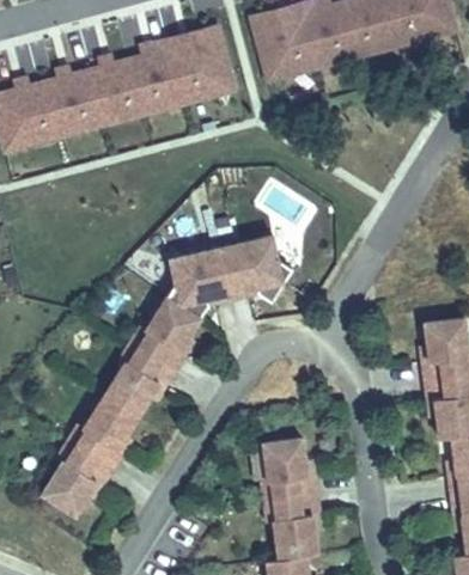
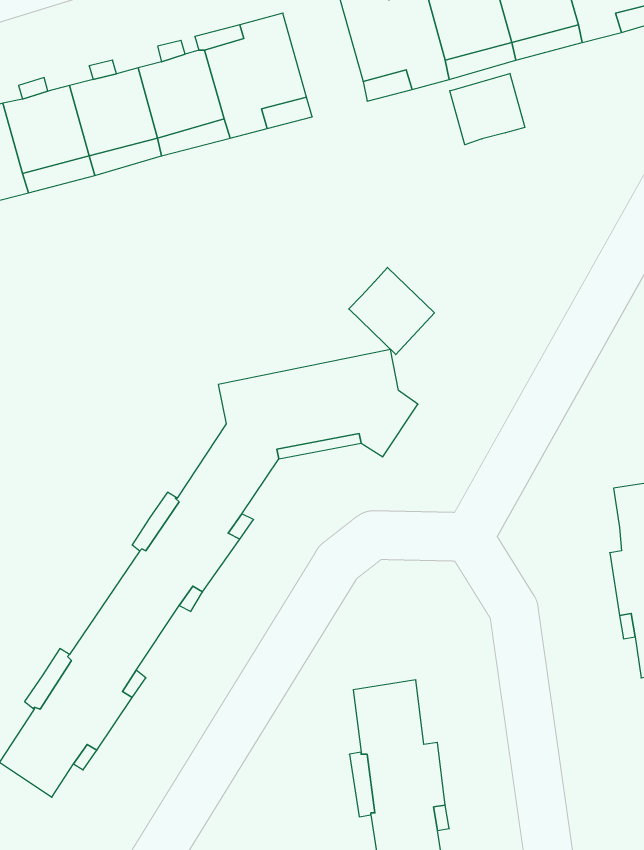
building: none -> [450,73,525,145]
building: none -> [349,267,434,355]

